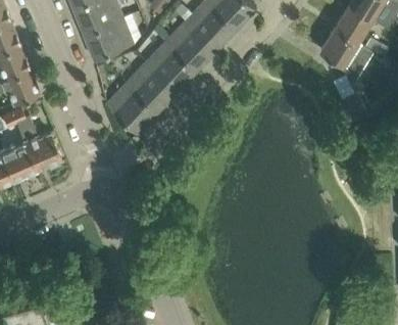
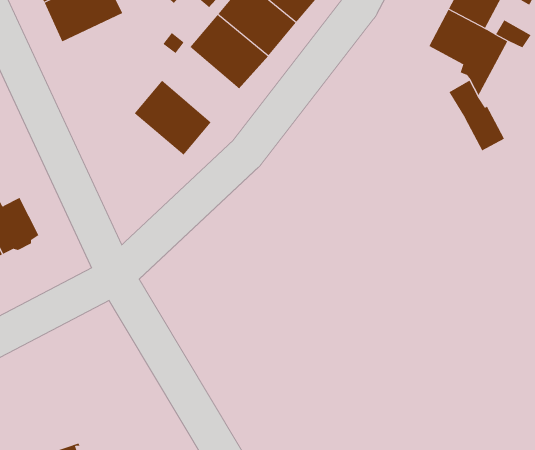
building: [83,18,134,61] -> none
building: [146,43,196,93] -> none
building: [106,84,157,135] -> none

